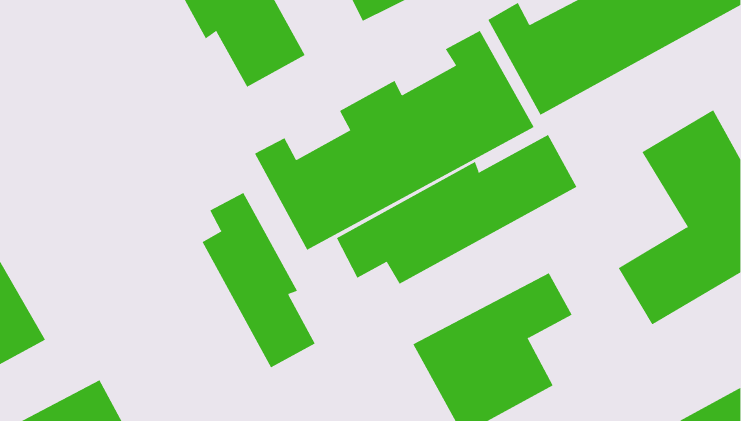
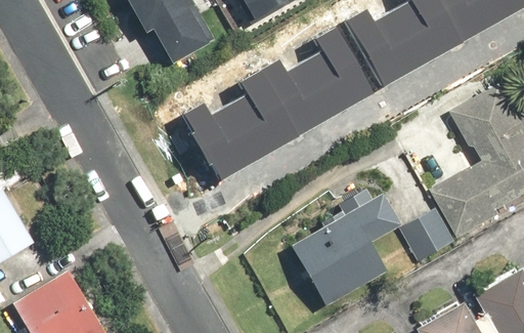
building: [336,134,577,285] -> none
building: [202,192,316,368] -> none
building: none -> [400,210,453,261]

